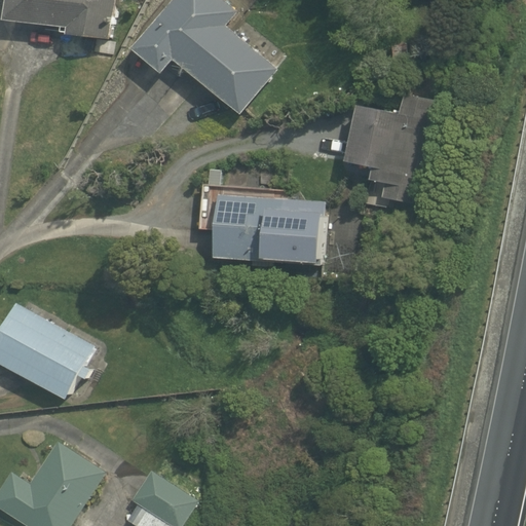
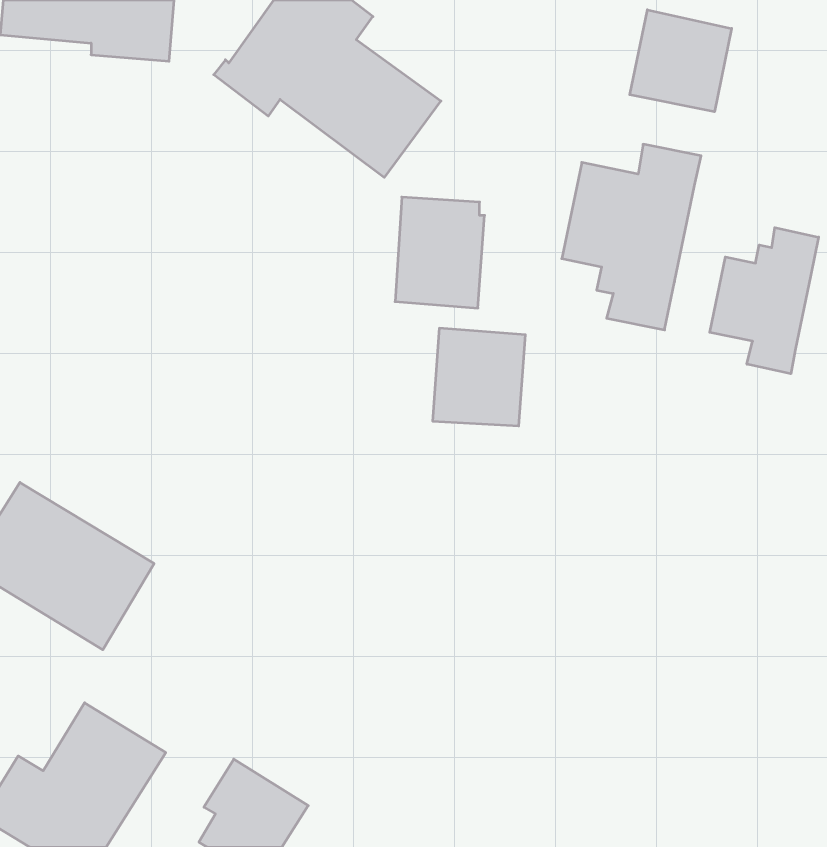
building: none -> [630,10,732,112]
building: none -> [710,228,819,374]
building: [217,192,272,261] -> [395,197,485,308]

